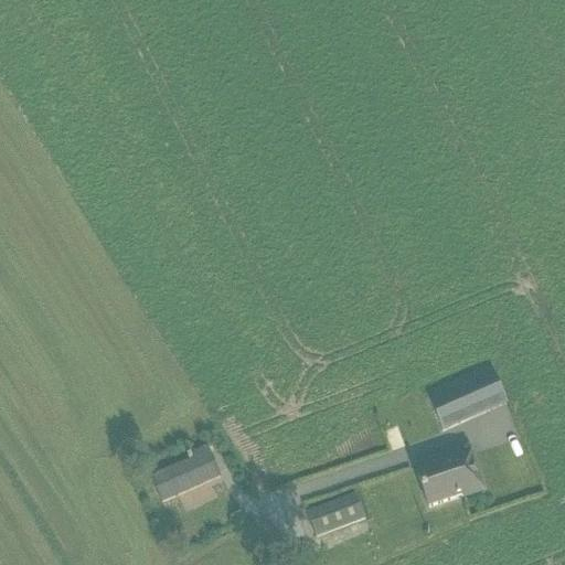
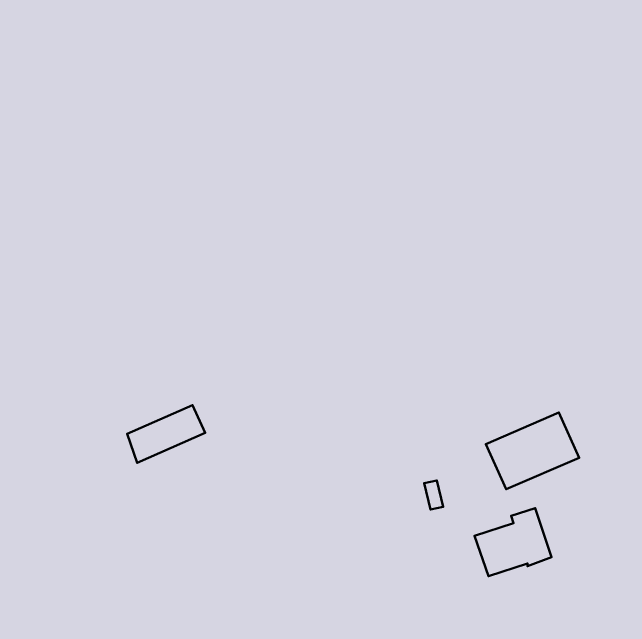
building: [152,450,221,501] -> [127,405,205,463]
building: [308,492,365,535] -> none

